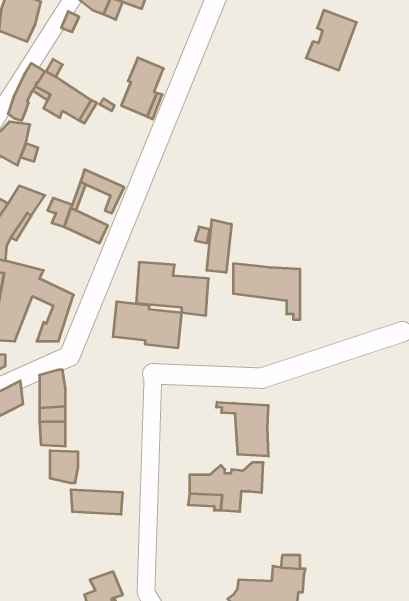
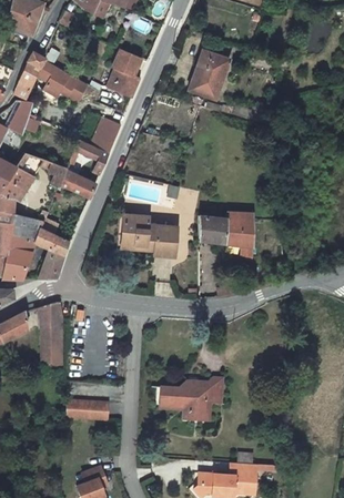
building: [306,10,357,70] -> [189,51,230,100]
building: none -> [92,118,121,154]
building: [207,220,231,273] -> none
building: [113,302,181,348] -> none
building: [216,402,268,456] -> none
building: [50,450,78,483] -> none

